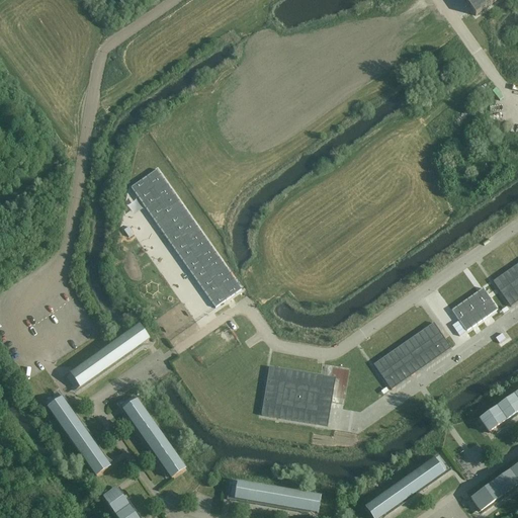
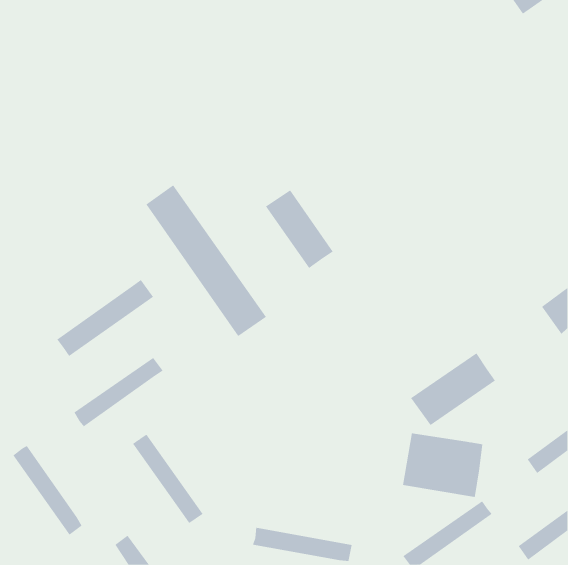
building: none -> [265,189,333,269]
building: none -> [56,279,154,357]
building: [448,291,495,335] -> none
building: [261,365,335,424] -> [402,433,483,497]
building: [46,393,109,474] -> [13,445,83,535]

